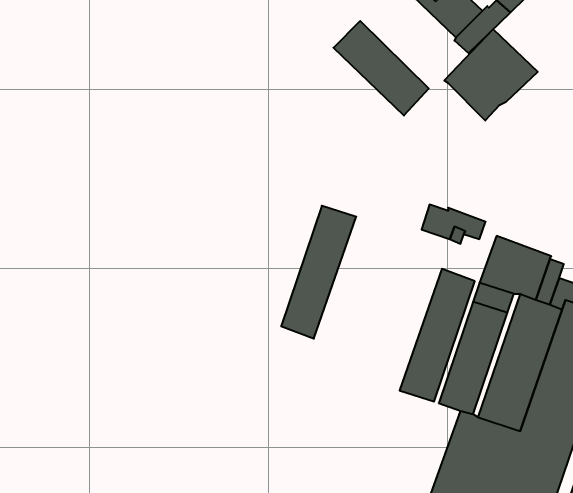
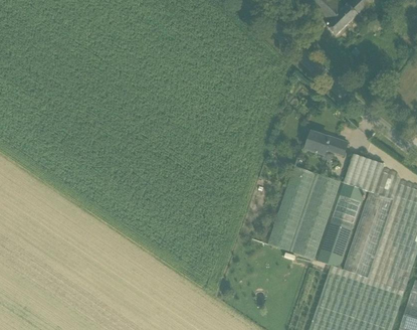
building: [333,21,429,116] -> none
building: [444,29,538,121] -> none
building: [281,206,356,339] -> [268,166,317,252]

